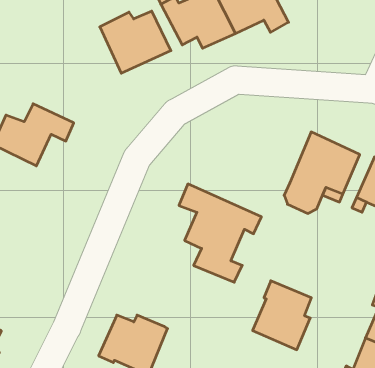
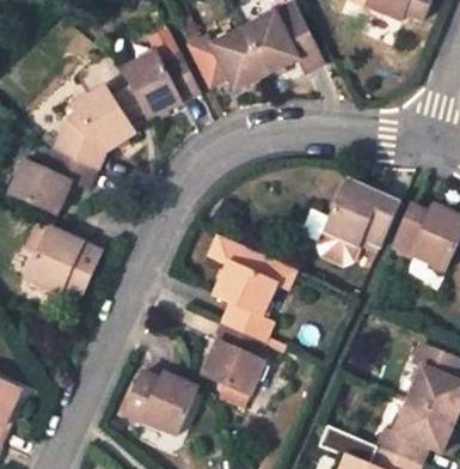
building: none -> [54,86,134,169]
building: none -> [25,226,103,296]
building: [253,281,311,350] -> [204,319,266,392]

